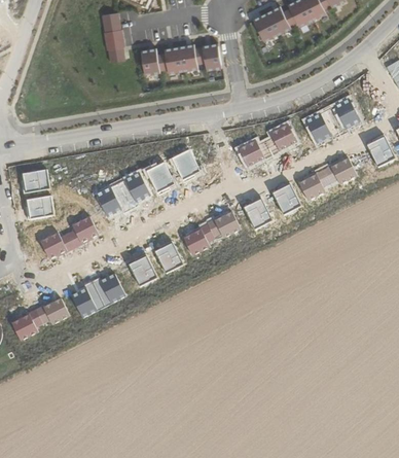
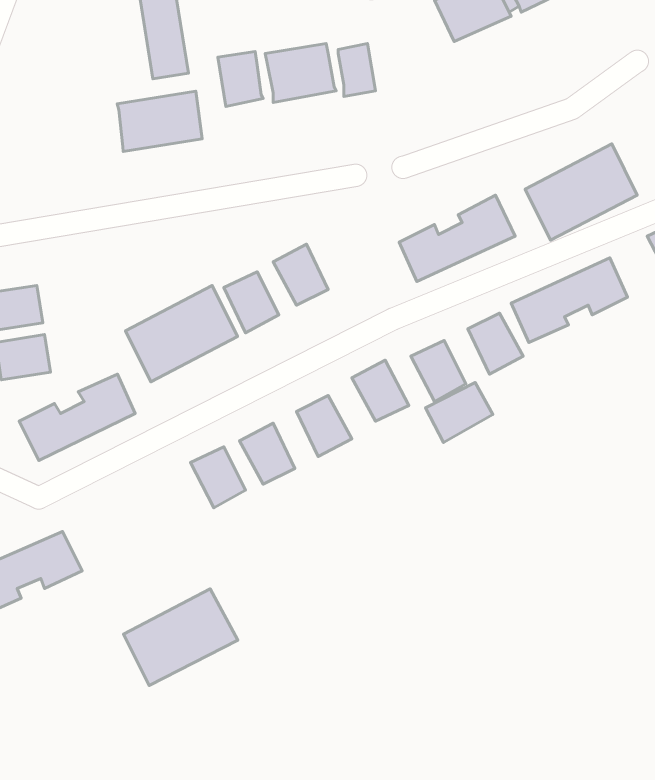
building: none -> [117,91,202,151]
building: none -> [425,383,493,443]
building: [68,268,128,318] -> [124,589,238,685]

